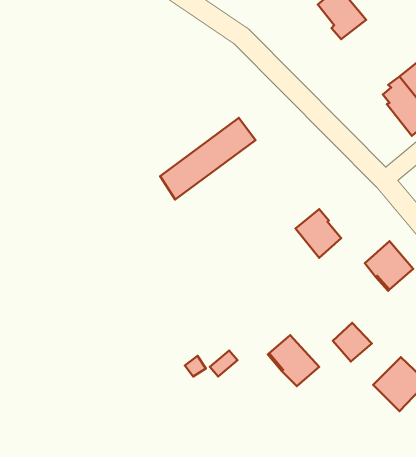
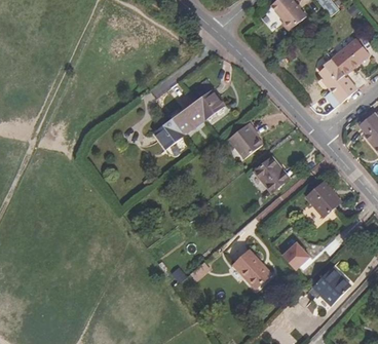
building: none -> [227,121,263,158]

